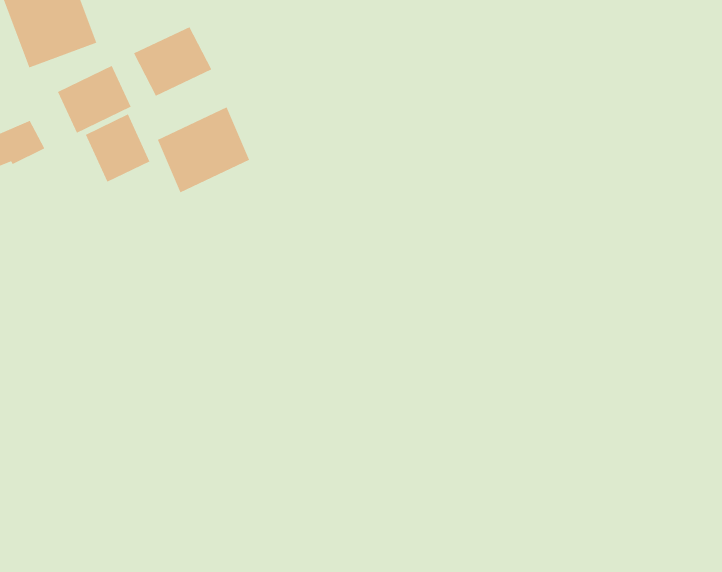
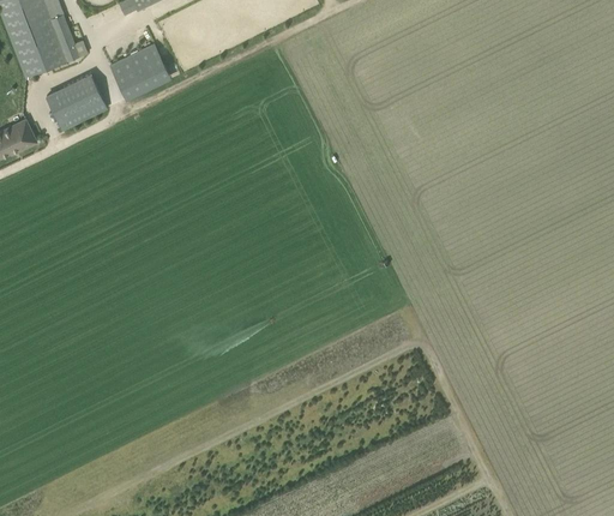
building: [157,107,250,193] -> none
building: [85,114,150,183] -> none

